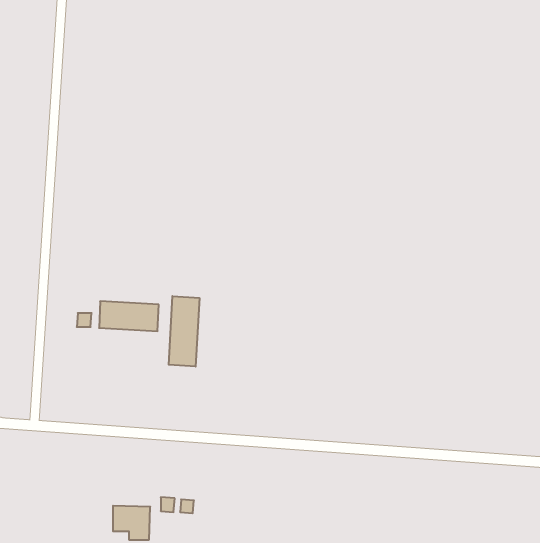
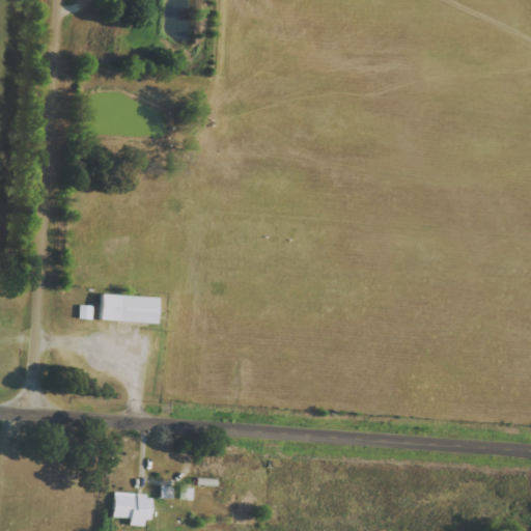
building: [169,296,199,367] -> none

